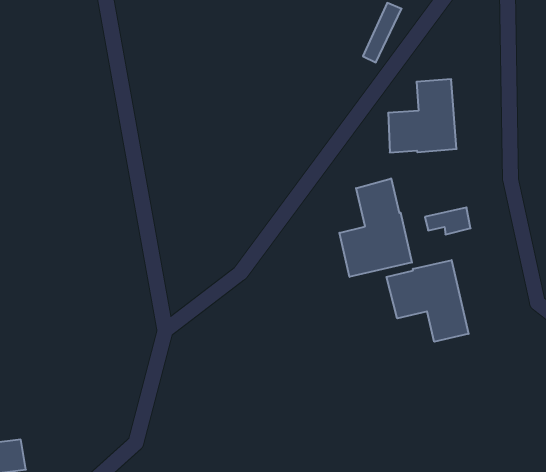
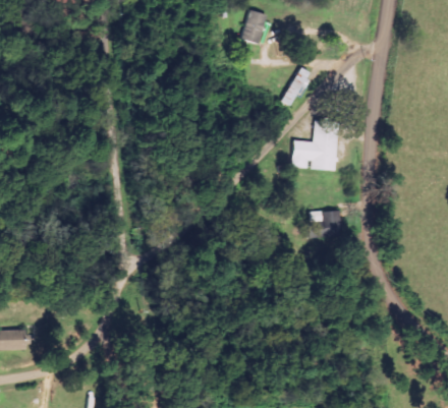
building: [339,178,412,277] -> none
building: [386,260,469,342] -> none

